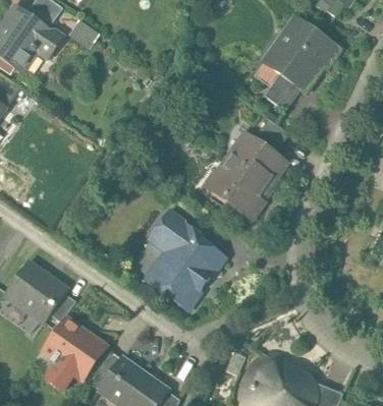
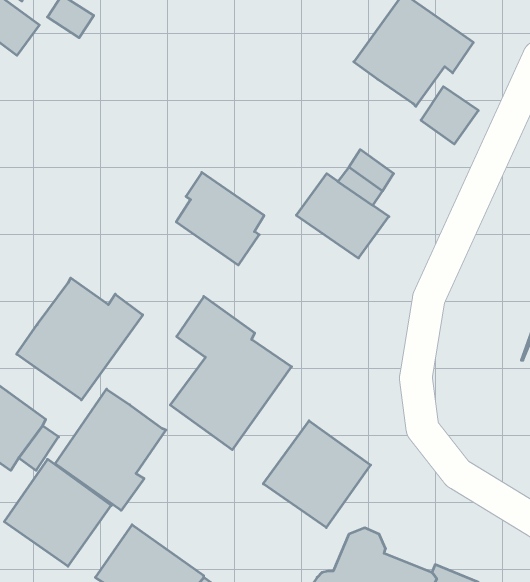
building: [264,73,300,110] -> [421,87,478,144]
building: [210,160,266,219] -> [176,172,264,265]
building: none -> [17,278,143,400]
building: none -> [55,389,166,510]
building: none -> [263,421,371,528]

